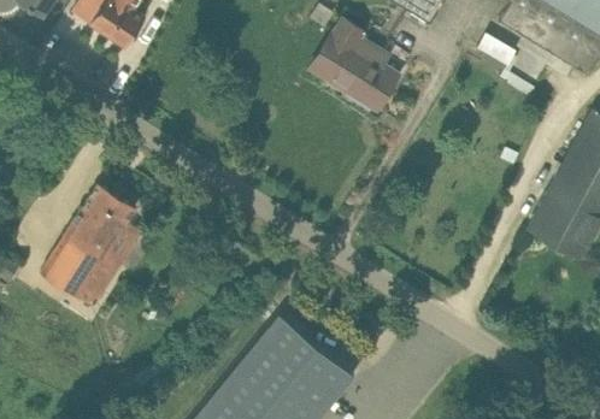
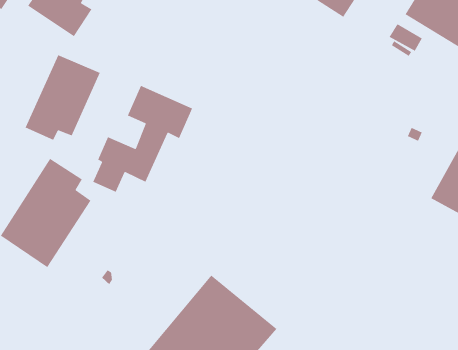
building: [311,19,401,110] -> none
building: none -> [24,54,101,141]
building: none -> [92,85,193,193]

